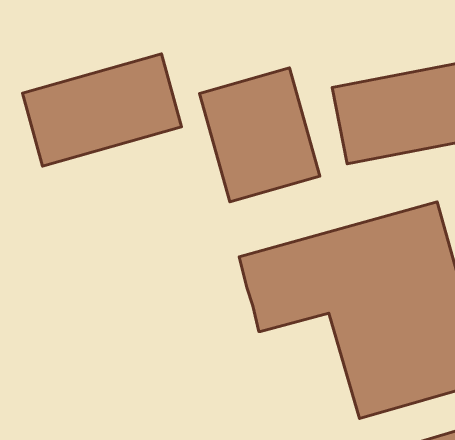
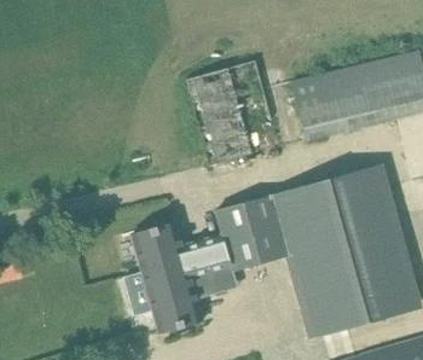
building: [23,54,181,166] -> none
building: none -> [126,222,236,331]

